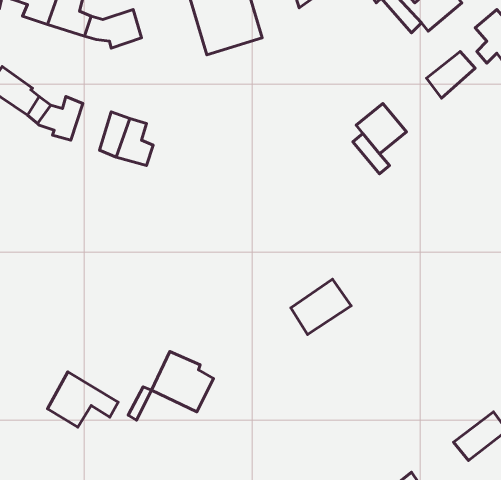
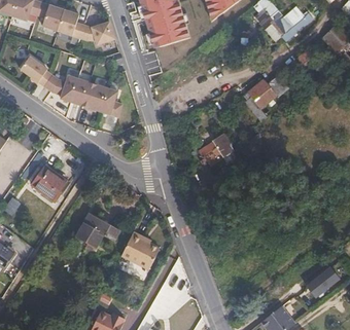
building: none -> [72,78,97,107]
building: none -> [33,164,69,199]
building: [291,279,351,335] -> [195,127,232,161]
building: [48,372,118,427] -> [75,212,118,246]

